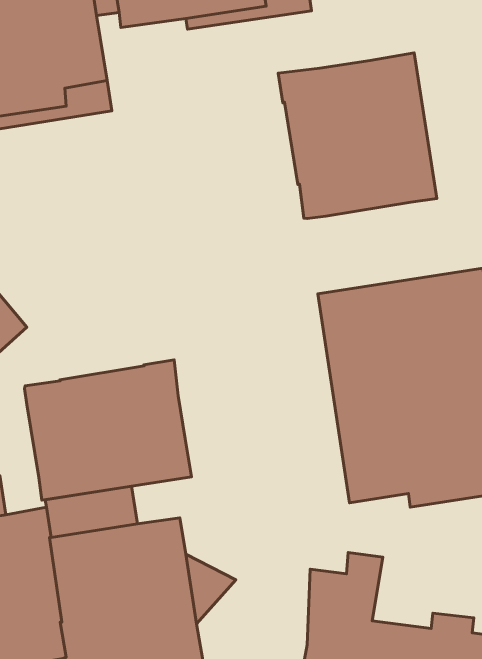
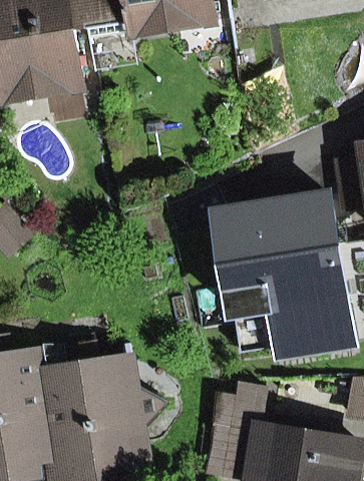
building: [278,53,437,219] -> none
building: [25,360,191,500] -> none

